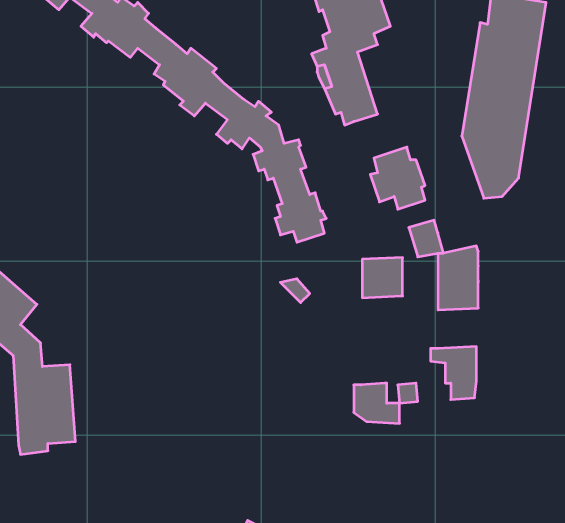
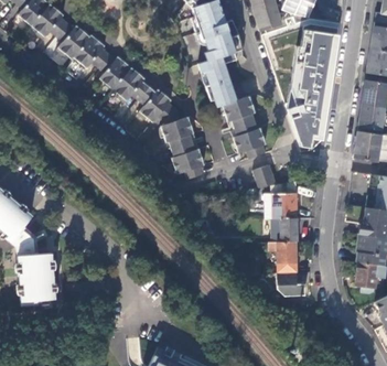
building: none -> [222,97,255,128]
building: [362,258,403,298] -> [272,218,297,243]
building: [354,383,400,423] -> [276,272,303,297]

